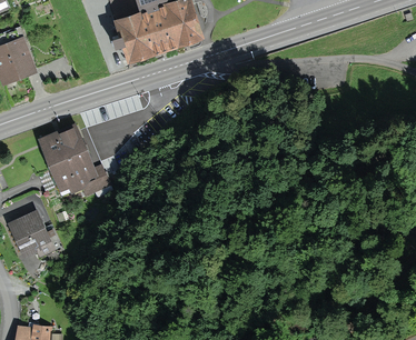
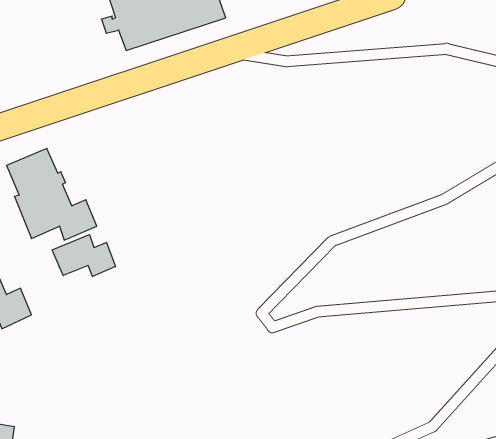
building: none -> [52,235,116,277]

